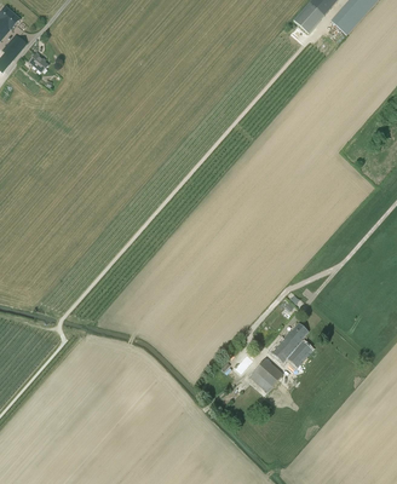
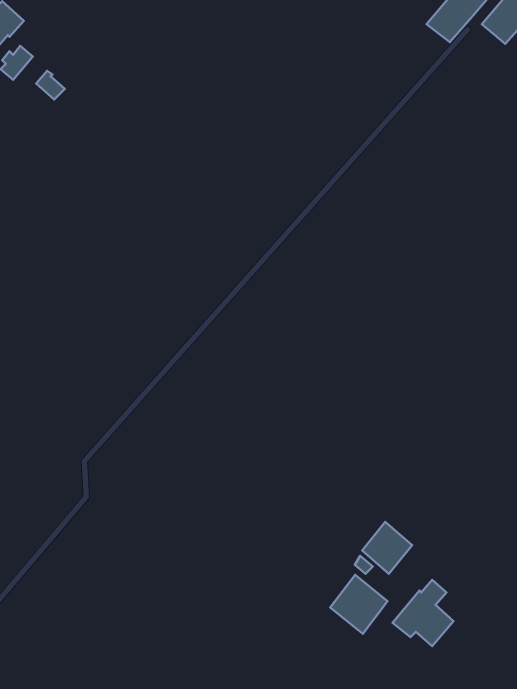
building: [271,322,312,367] -> [393,580,453,646]
building: none -> [330,575,388,634]

